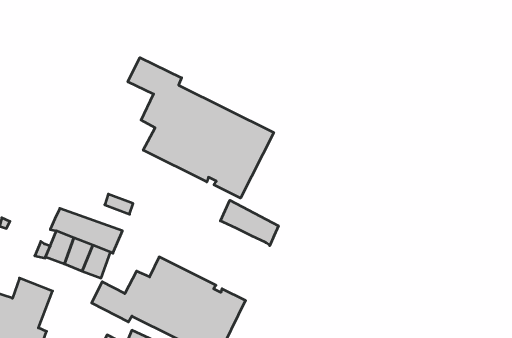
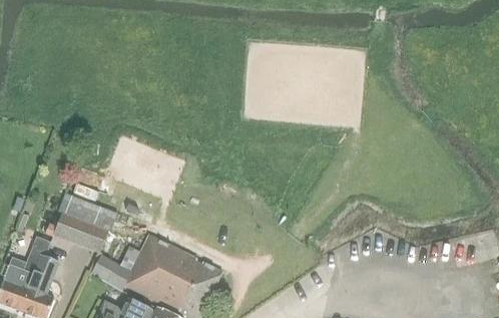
building: [128,58,274,198] -> none
building: [220,200,278,246] -> none

